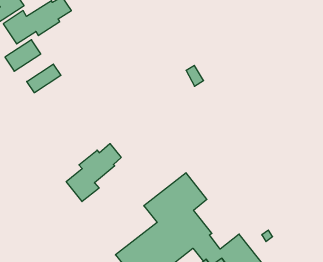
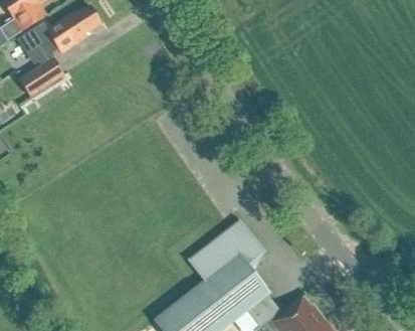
building: [27,64,61,93] -> none
building: [66,144,121,202] -> none

